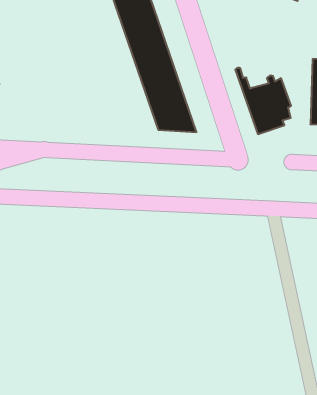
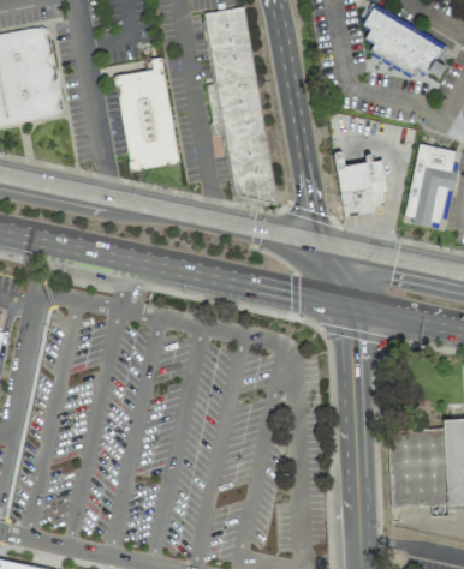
building: none -> [114,56,180,170]

